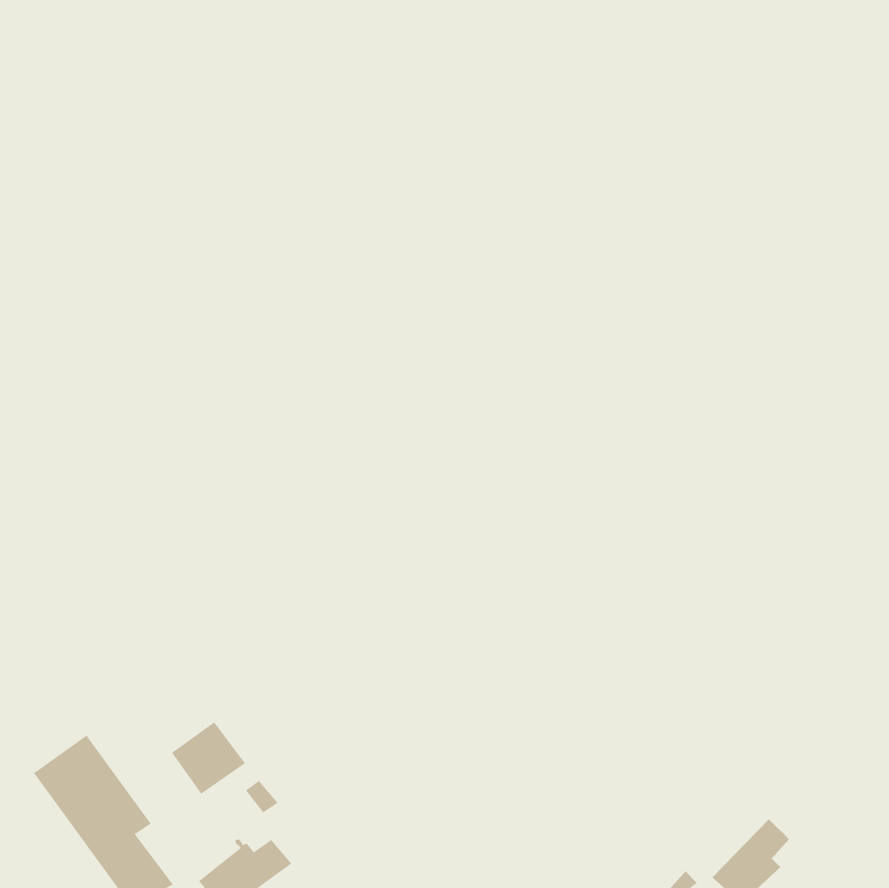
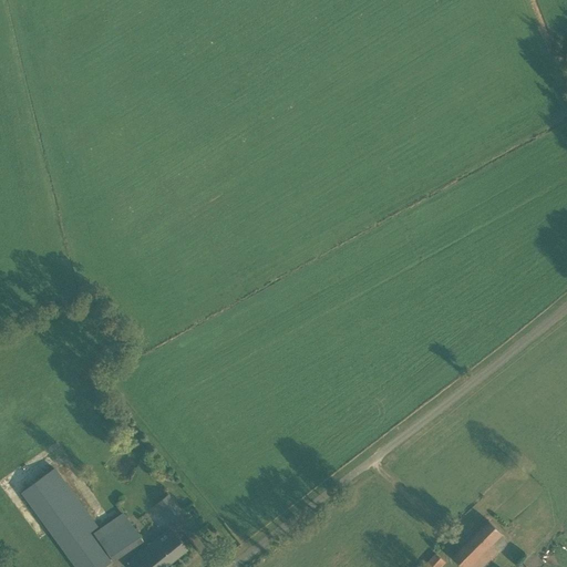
building: [171,721,246,794] -> [94,514,142,560]

